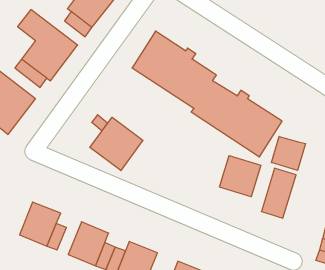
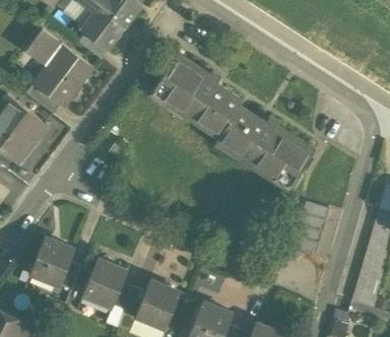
building: [90,117,143,171] -> none
building: [271,136,306,170] -> none
building: [219,156,261,197] -> none

